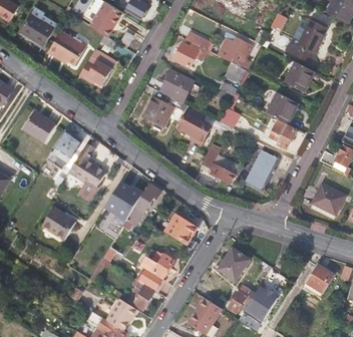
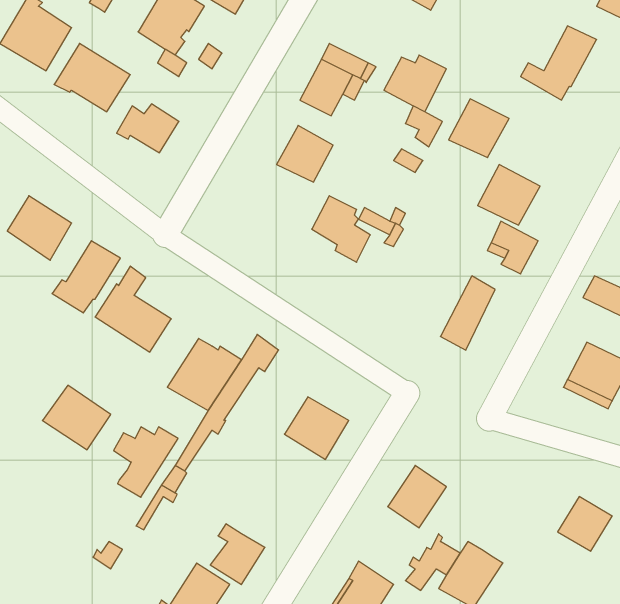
building: [283,62,314,92] -> [449,99,509,158]
building: [141,92,187,127] -> none
building: [201,149,235,185] -> none
building: [141,254,174,290] -> [114,427,178,497]

